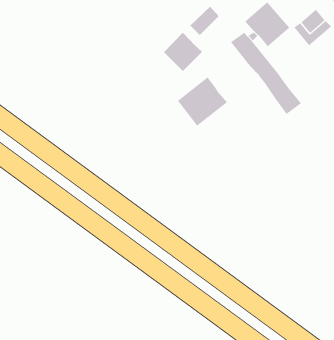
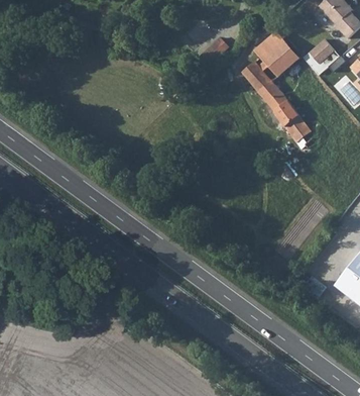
building: [163,32,203,72] -> none
building: [177,77,228,126] -> none

